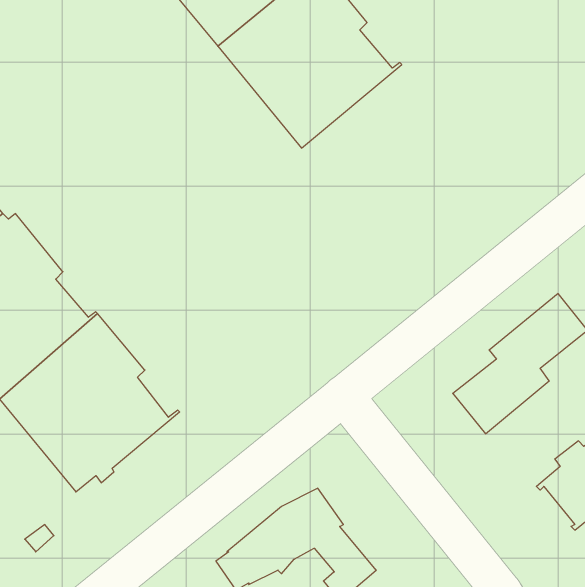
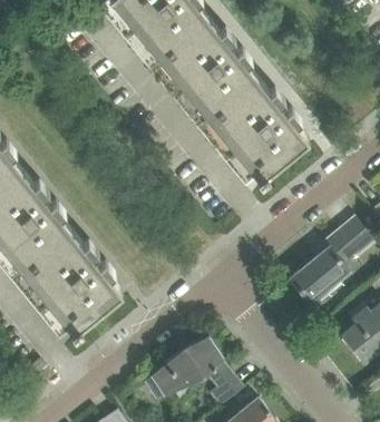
building: none -> [198,77,310,186]

